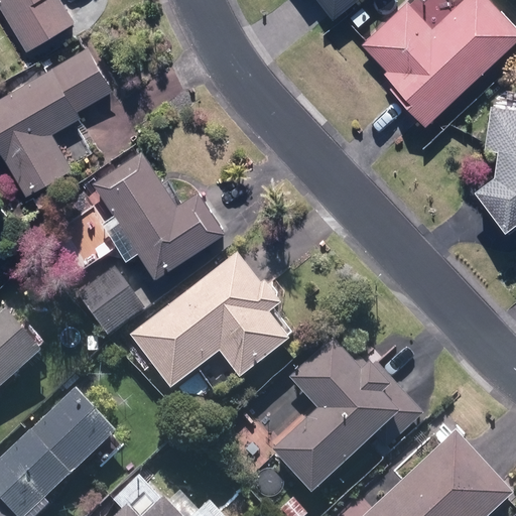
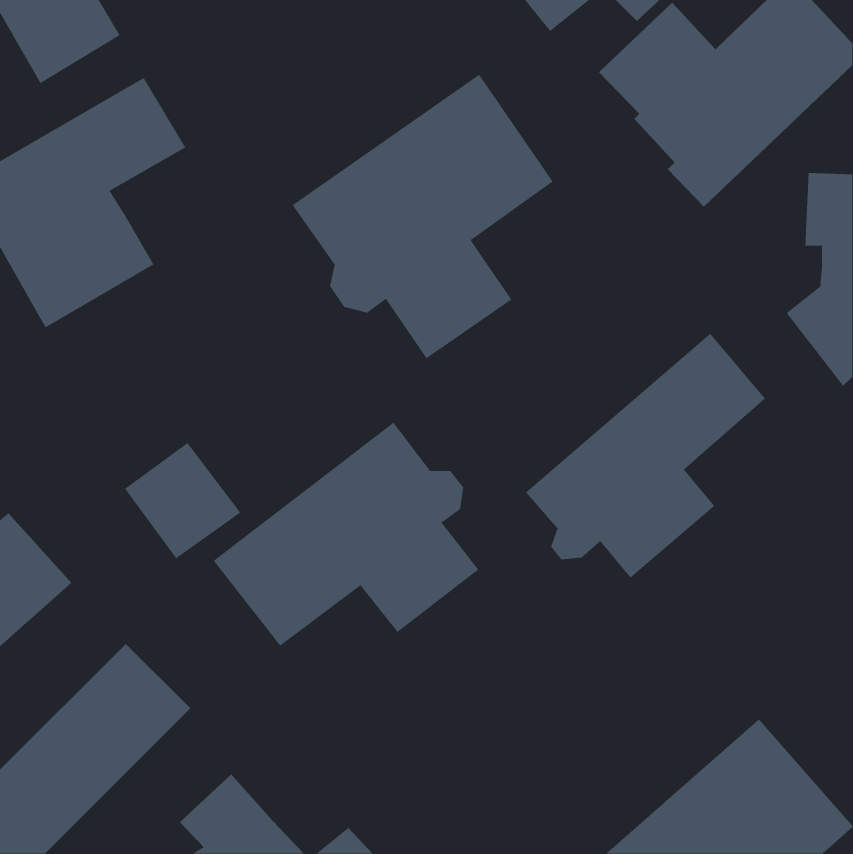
building: none -> [292,74,553,359]
building: [90,149,227,278] -> none
building: none -> [525,333,766,578]
building: [271,341,424,495] -> none

